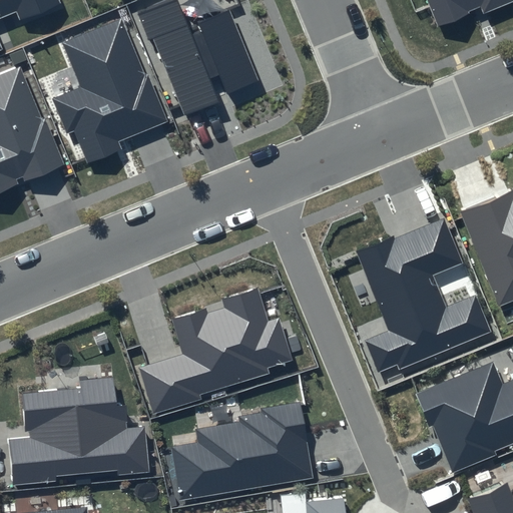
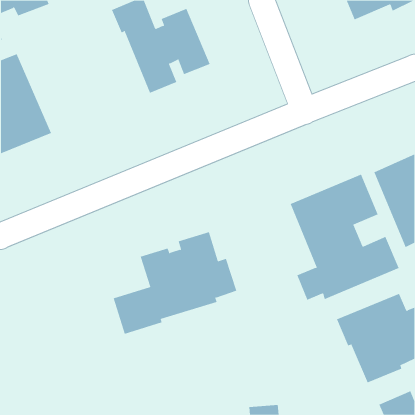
building: [52,18,168,163] -> none
building: [9,376,149,484] -> none
building: [171,402,313,500] -> none

